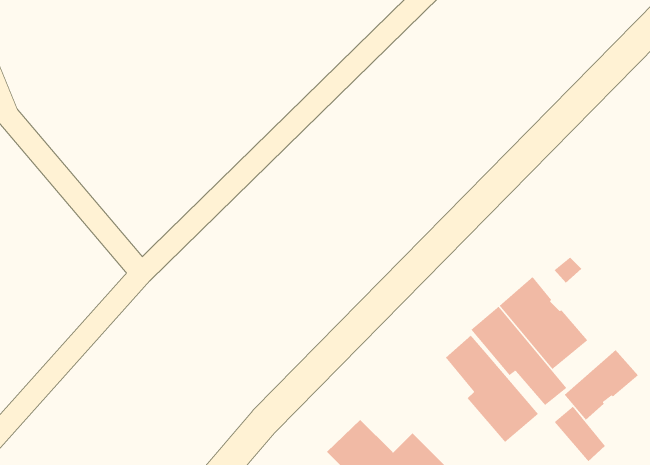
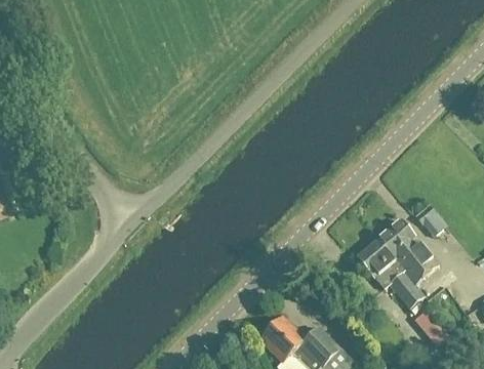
building: [445,335,539,443] -> none
building: [564,349,639,421] -> none

